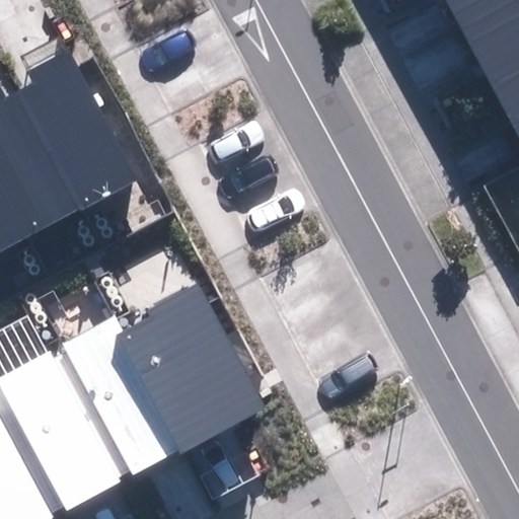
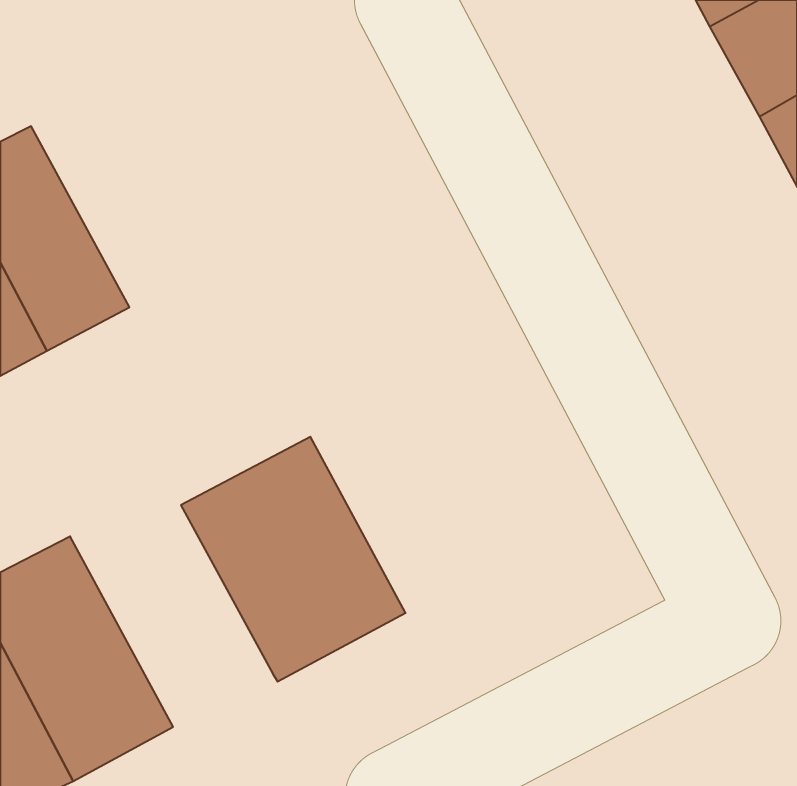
building: [20,61,137,207] -> none
building: [46,321,177,479] -> none

